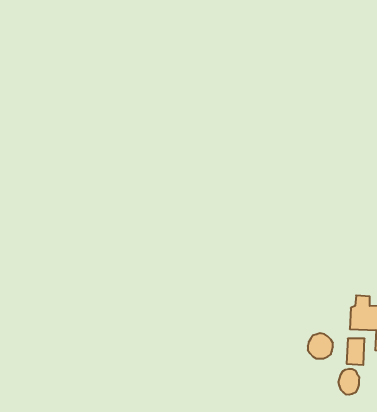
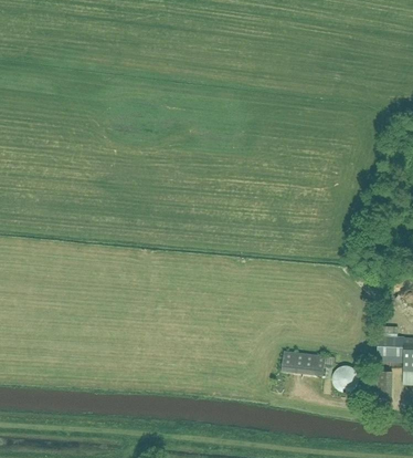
building: none -> [282,351,326,376]
building: [339,369,359,395] -> none

